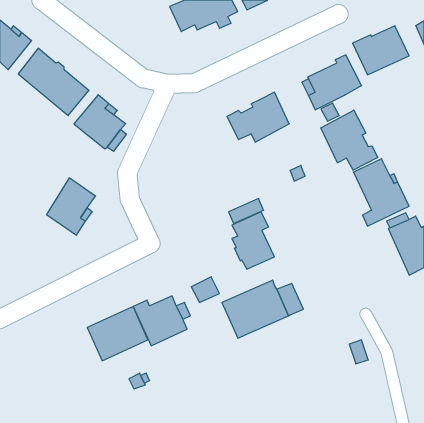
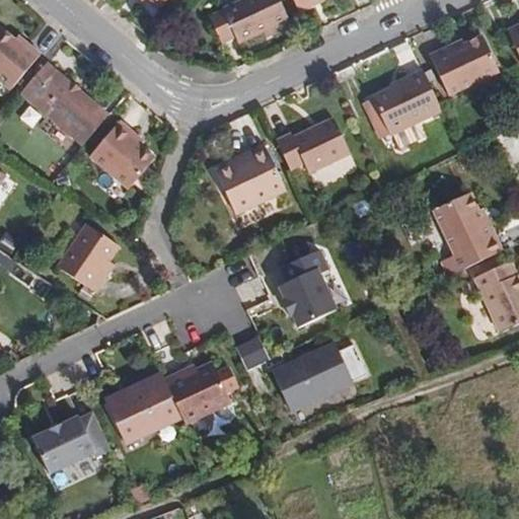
building: [321,110,378,170] -> none
building: none -> [214,147,284,215]
building: none -> [28,413,107,478]

